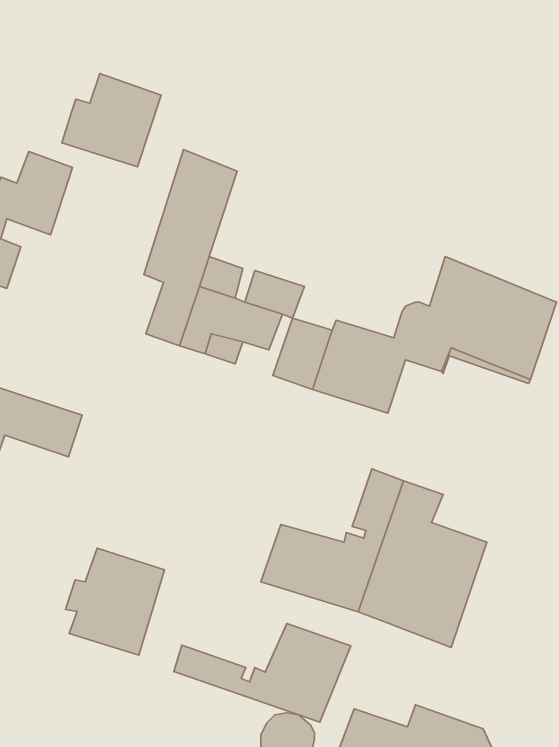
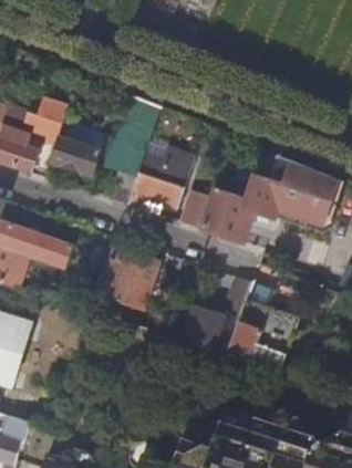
building: [62,74,161,167] -> [50,124,105,176]
building: [65,548,165,655] -> [103,251,158,311]
building: [174,623,351,722] -> none

